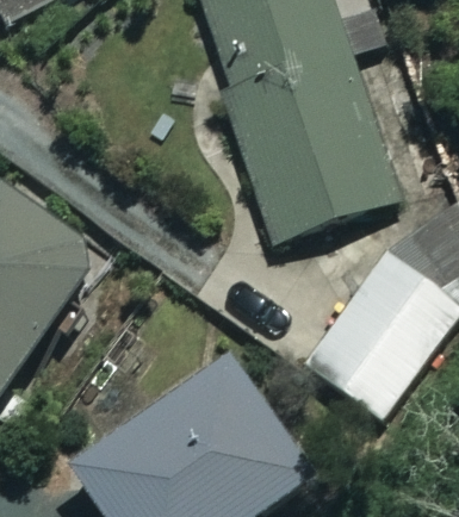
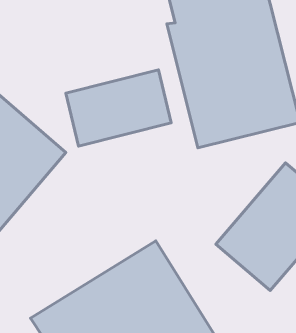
building: none -> [66,70,171,146]

